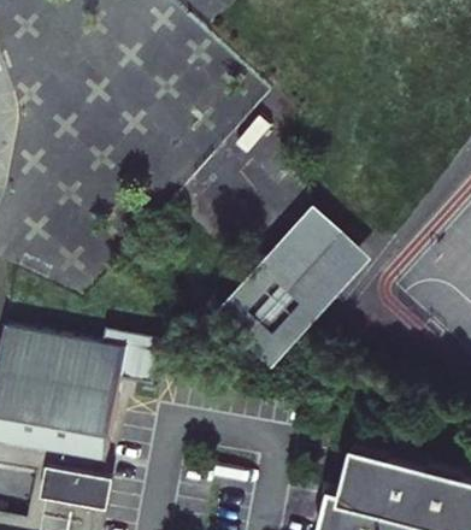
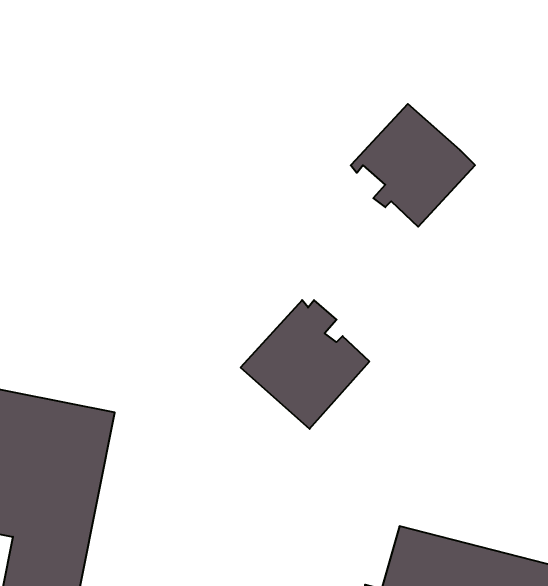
building: [271,212,371,311] -> [351,104,475,227]

